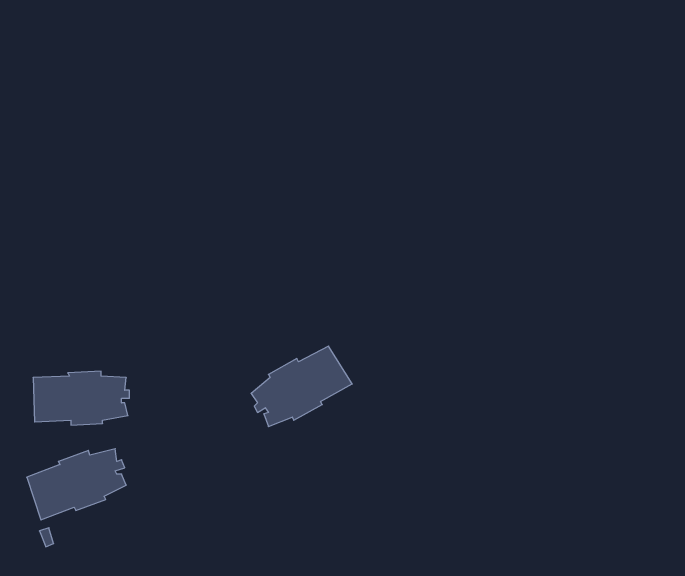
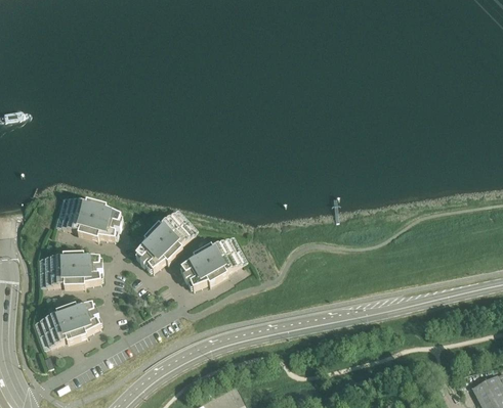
building: none -> [60,198,121,239]
building: none -> [134,212,194,271]

